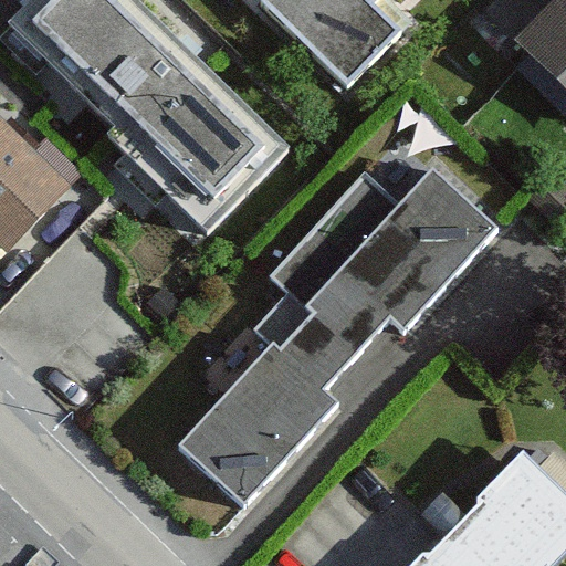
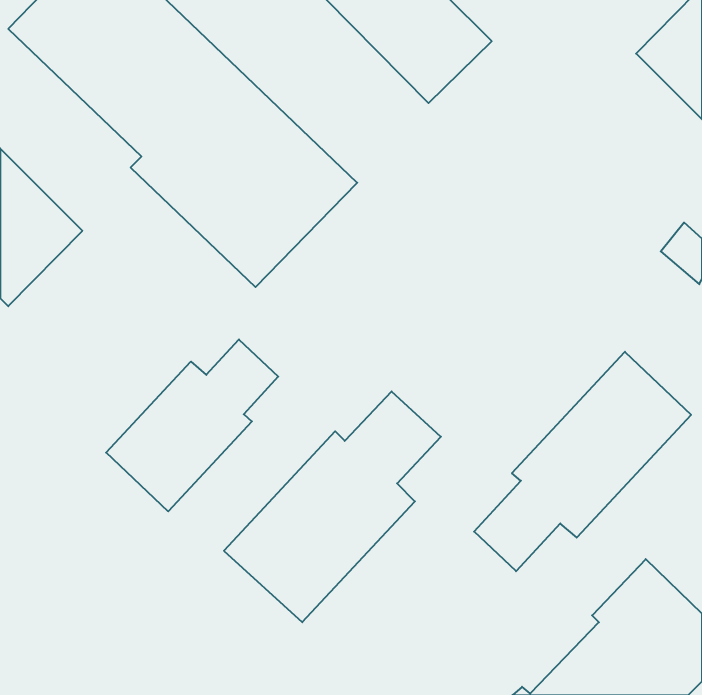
building: [273,172,494,352] -> none
building: none -> [106,339,278,511]
building: none -> [474,352,691,571]

